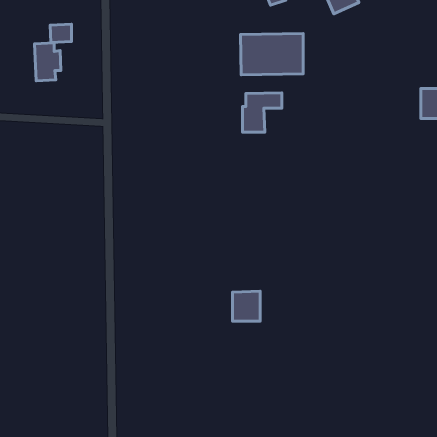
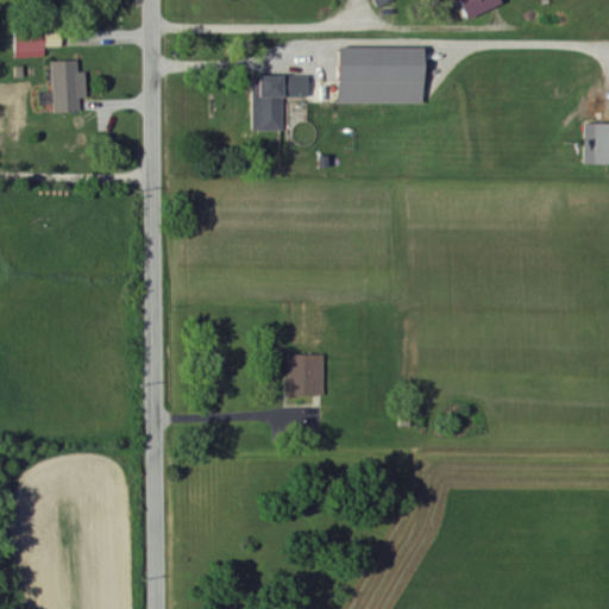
building: [50,24,72,42] -> [14,32,44,57]
building: [242,93,282,132] -> [252,75,307,130]
building: [233,291,260,321] -> [287,353,325,395]

